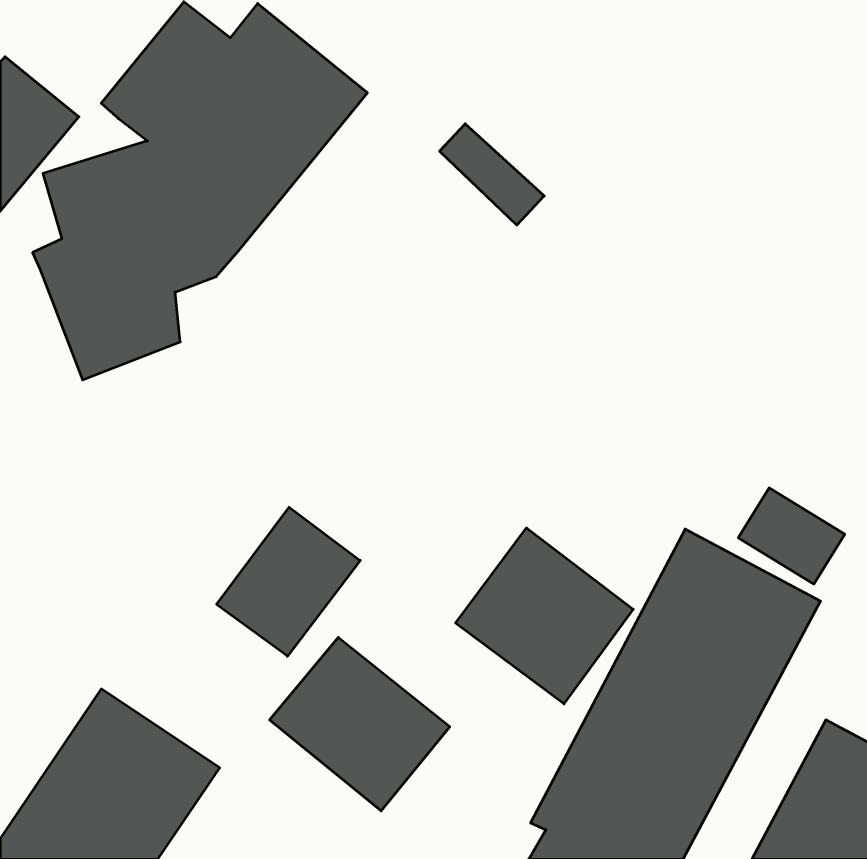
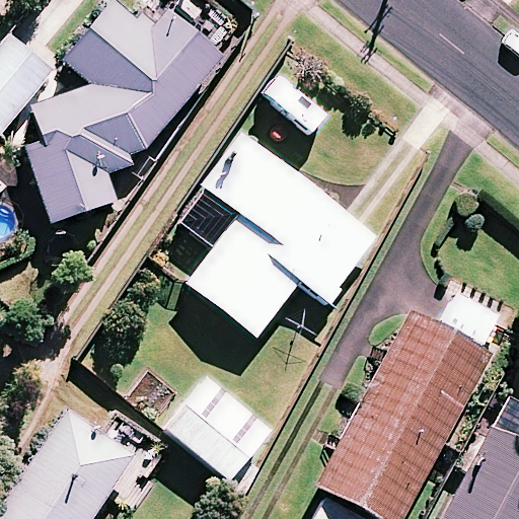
building: none -> [182,136,377,335]
building: [217,507,360,656] -> none
building: [456,528,633,704] -> none

